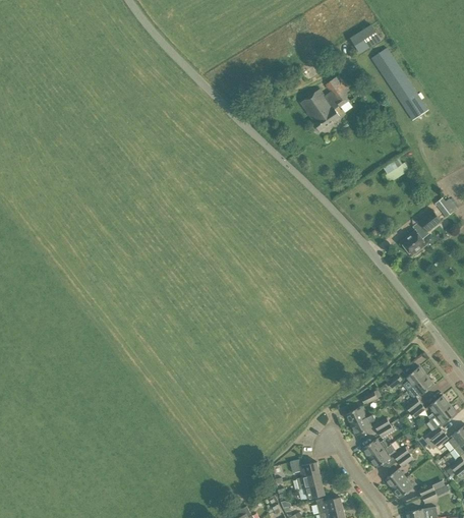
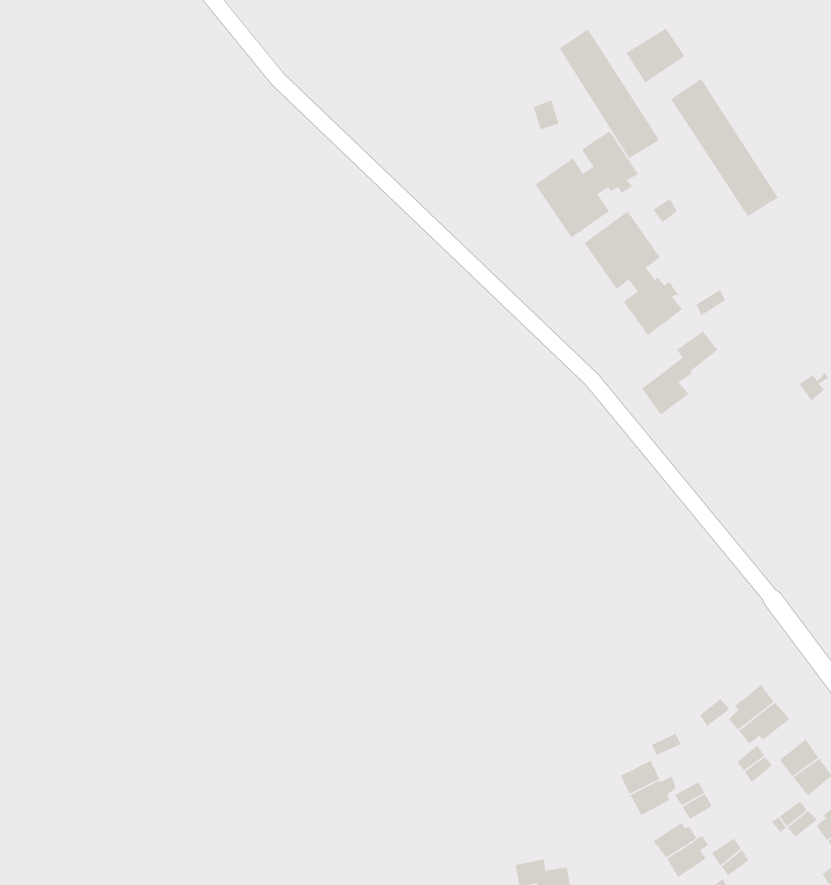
building: none -> [558,28,660,159]
building: none -> [583,210,683,336]
building: [401,211,442,255] -> [641,330,719,416]

